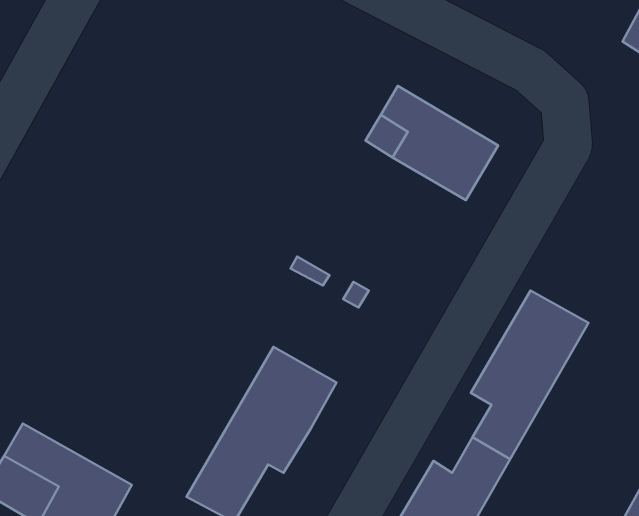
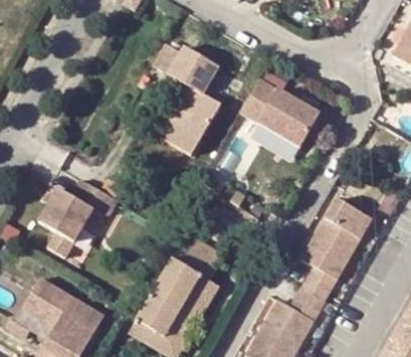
building: none -> [155,42,222,152]
building: none -> [39,178,117,257]

